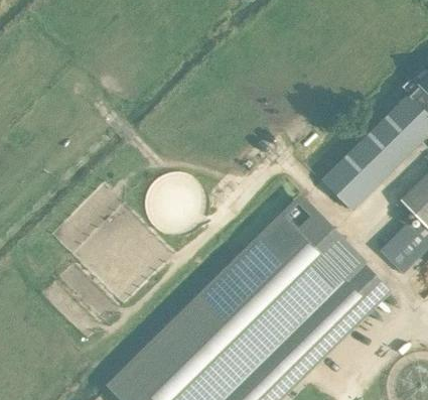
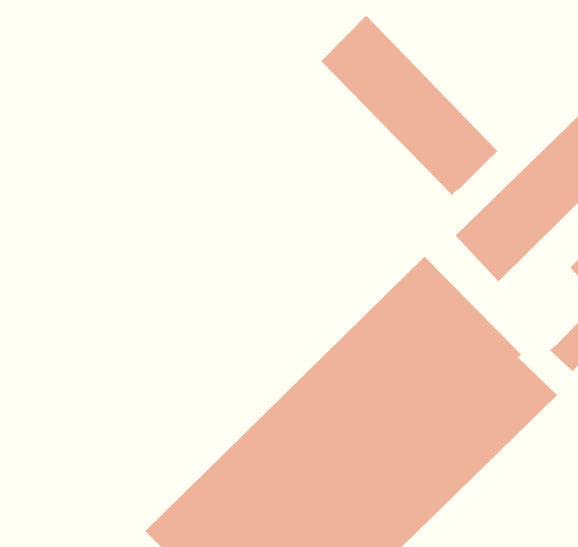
building: none -> [321,15,498,196]

